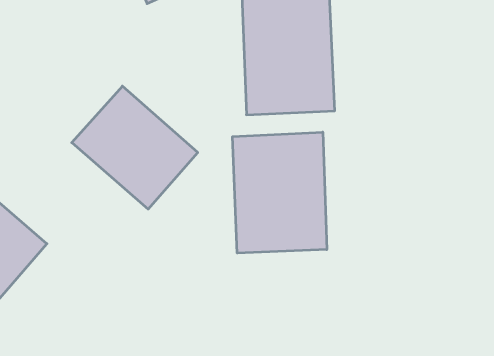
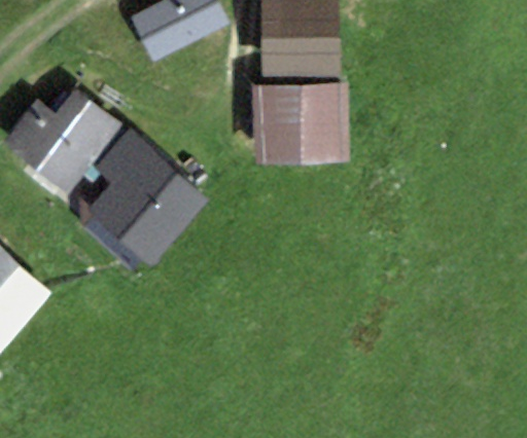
building: none -> [8,78,120,190]
building: [233,132,327,253] -> none

